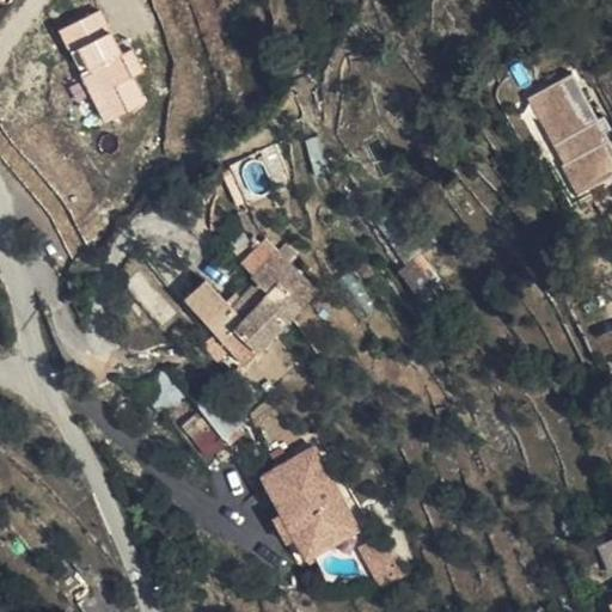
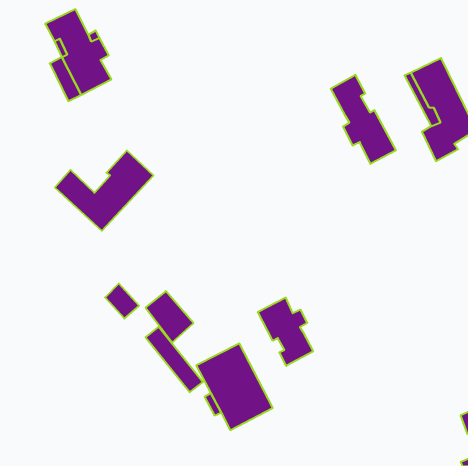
building: none -> [331,75,396,164]
building: [178,252,306,356] -> [55,151,153,231]
building: none -> [258,298,313,366]

